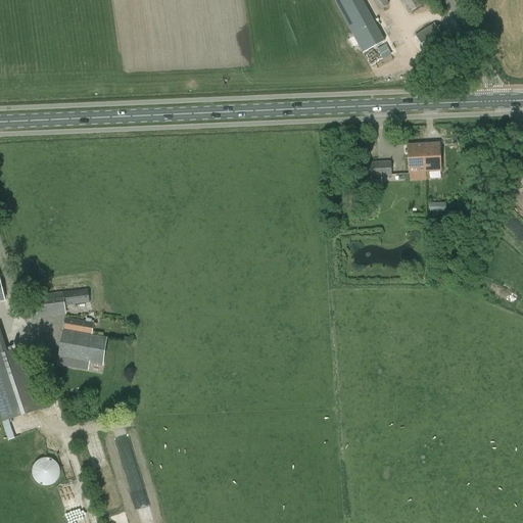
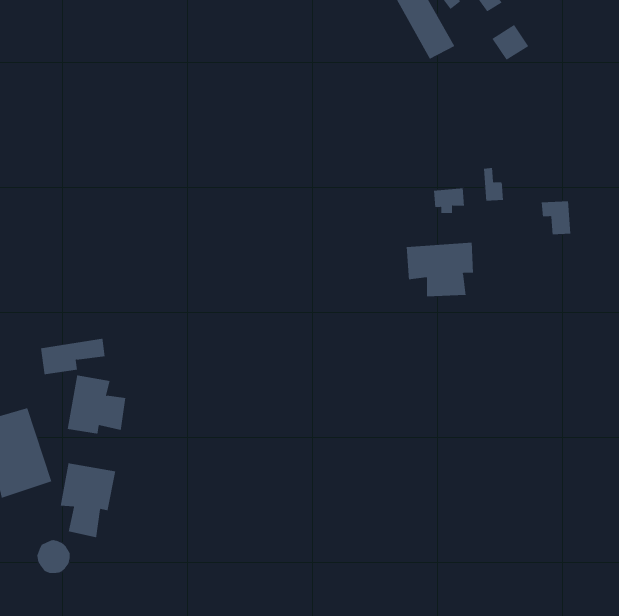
building: [415,140,440,169] -> [541,201,571,235]
building: none -> [406,242,474,297]
building: none -> [60,462,116,538]

